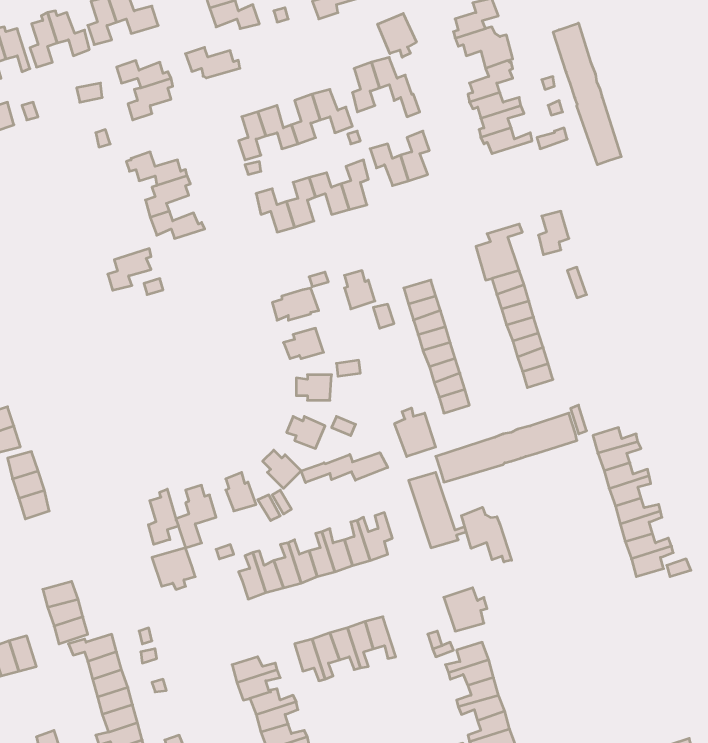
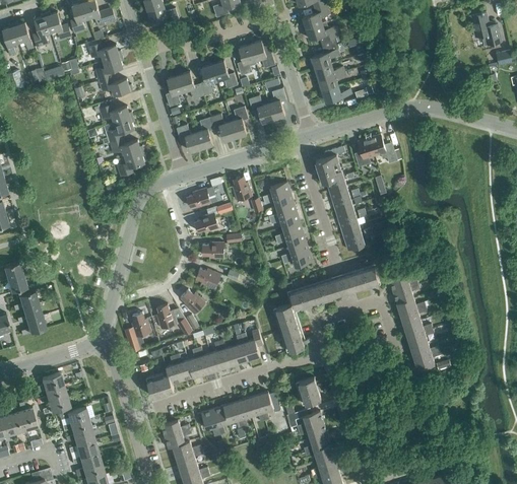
building: [378,13,416,57] -> none
building: [553,23,621,165] -> none
building: [185,47,240,78] -> [99,77,133,96]
building: none -> [370,135,401,163]
building: [108,249,151,290] -> [118,150,145,177]
building: [395,408,436,457] -> none
building: [301,453,388,483] -> none
building: [148,489,178,544] -> none
building: [461,507,512,562] -> none
building: [152,548,195,589] -> [146,372,174,399]
building: none -> [257,393,281,421]

